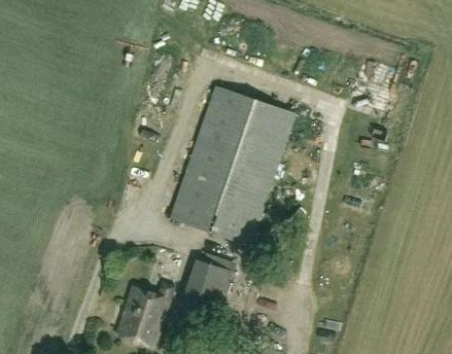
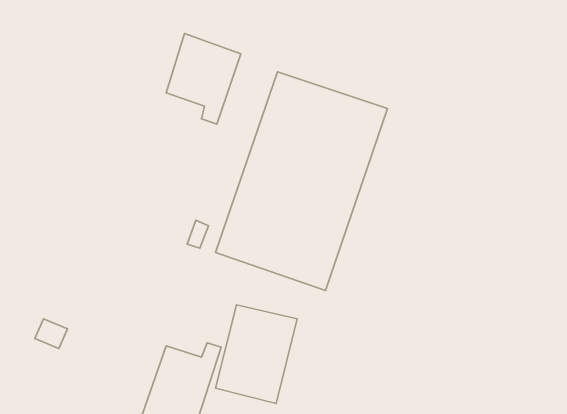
building: none -> [166,33,241,124]

